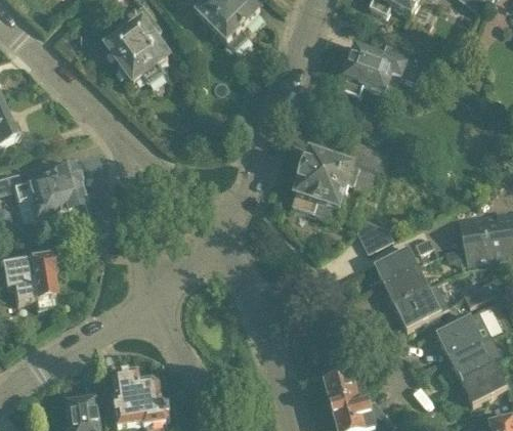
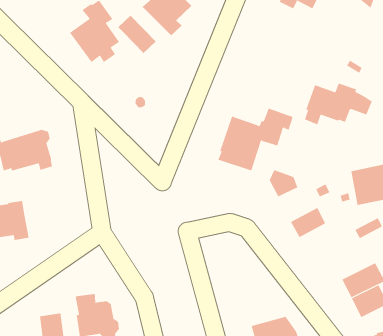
building: none -> [117,15,156,54]
building: [341,42,427,95] -> [304,83,372,125]
building: [372,244,417,282] -> none
building: [393,281,447,327] -> none
building: [434,308,489,354] -> none
building: [323,360,377,413] -> none

